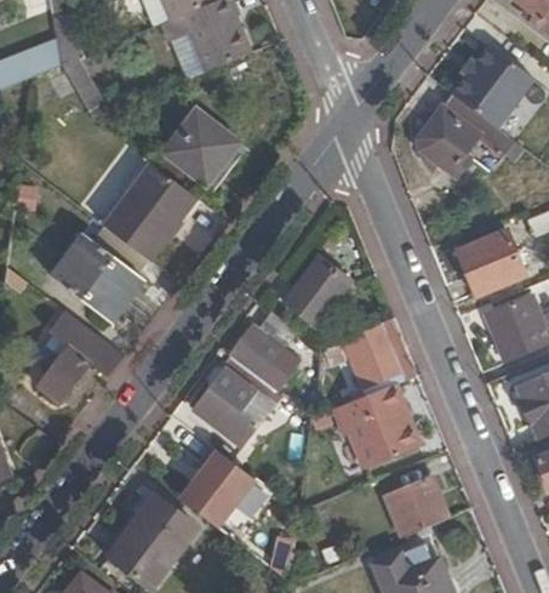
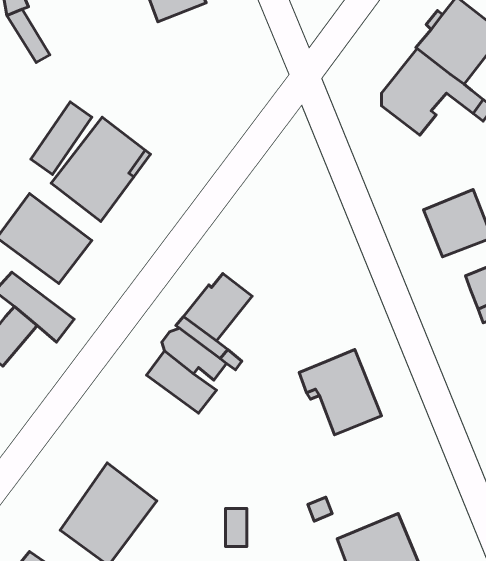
building: [160,108,236,184] -> none
building: [282,258,351,330] -> none
building: [342,318,416,394] -> none
building: [178,449,255,526] -> none
building: [384,475,447,535] -> none

